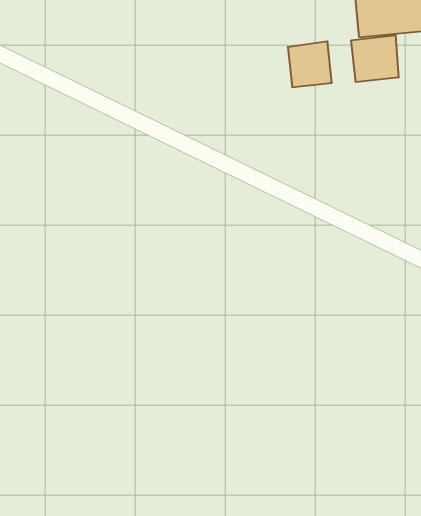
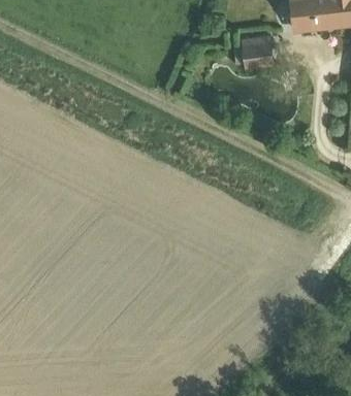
building: [351,35,399,82] -> none

